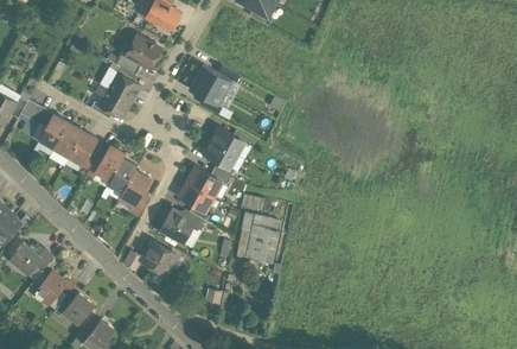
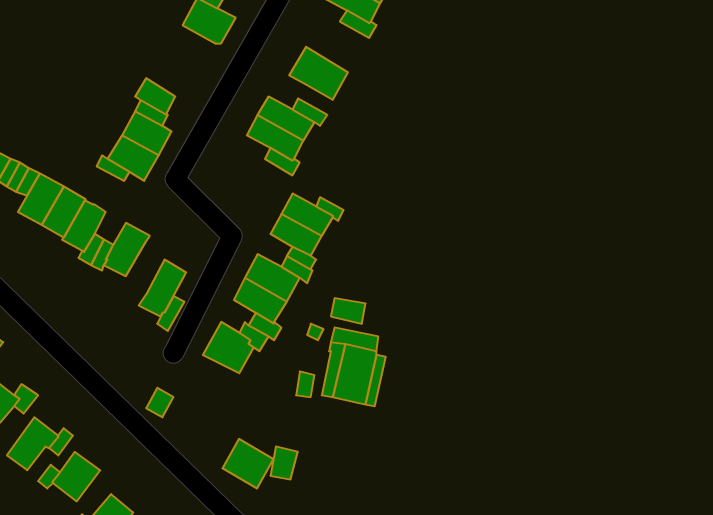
building: none -> [289,47,348,100]
building: [129,36,161,66] -> none
building: [109,157,138,191] -> none
building: [143,242,177,274] -> [222,439,274,488]

